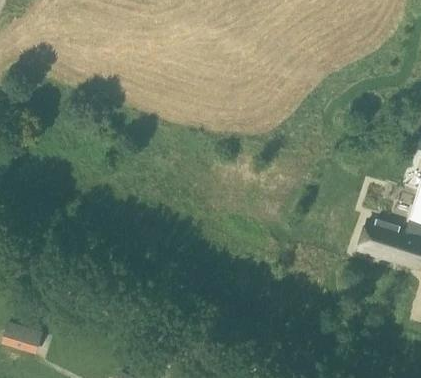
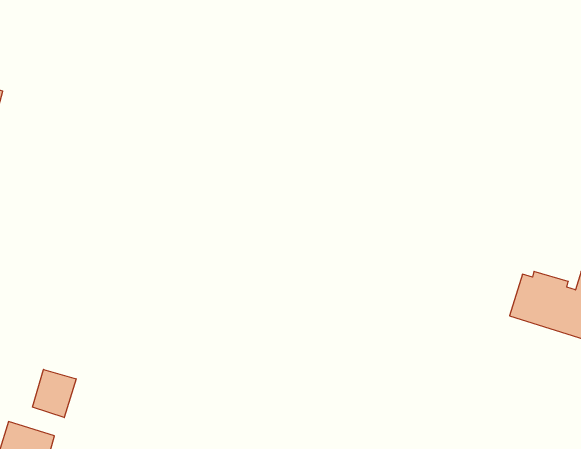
building: none -> [33,369,76,418]

